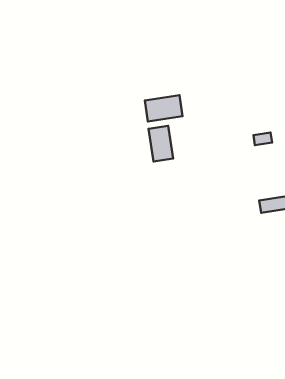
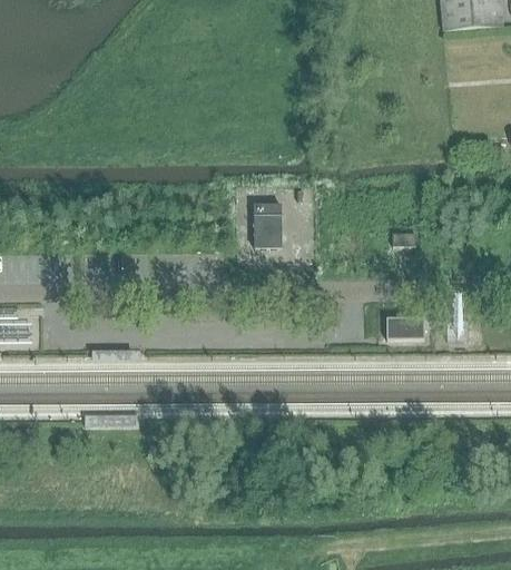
building: [145,95,183,121] -> none

